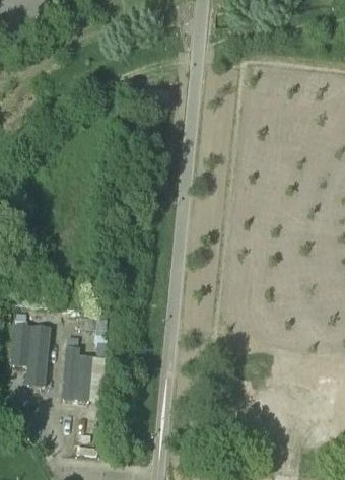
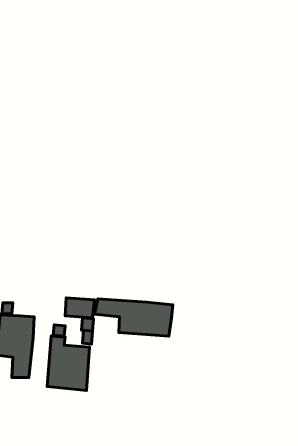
building: none -> [95,299,173,336]

